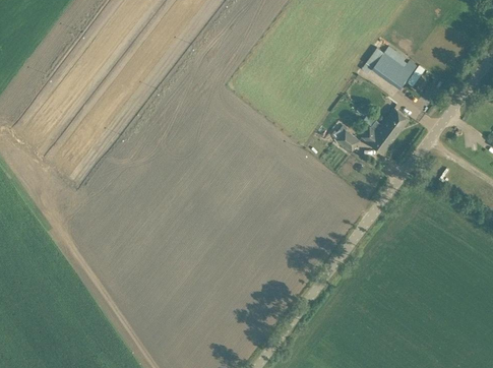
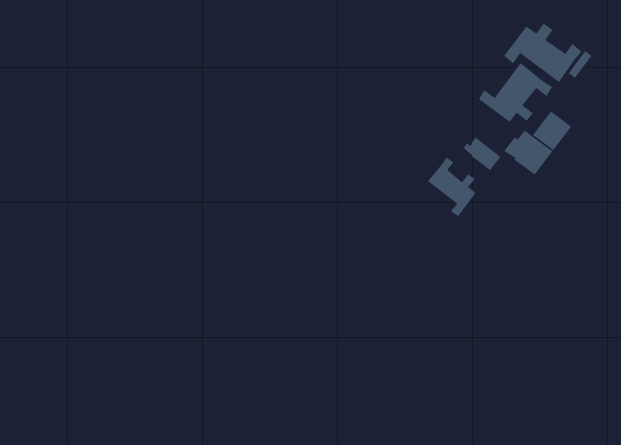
building: none -> [478,62,553,123]
building: none -> [427,157,477,217]

